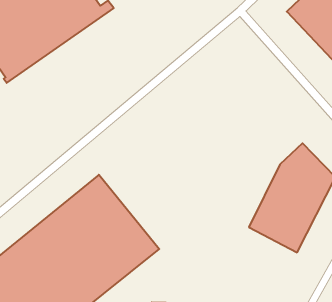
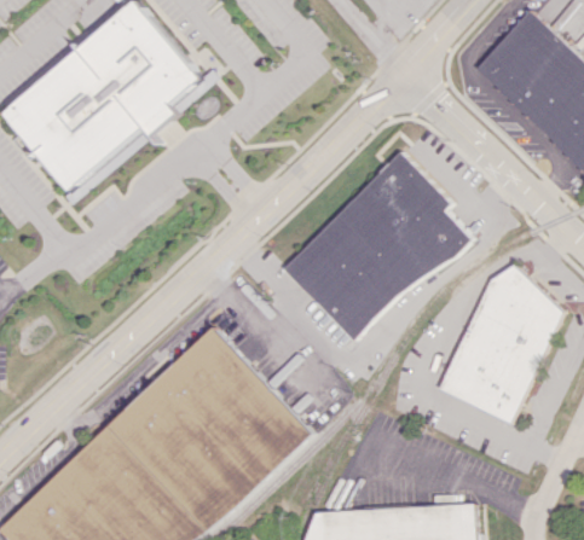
building: none -> [281,152,467,343]

